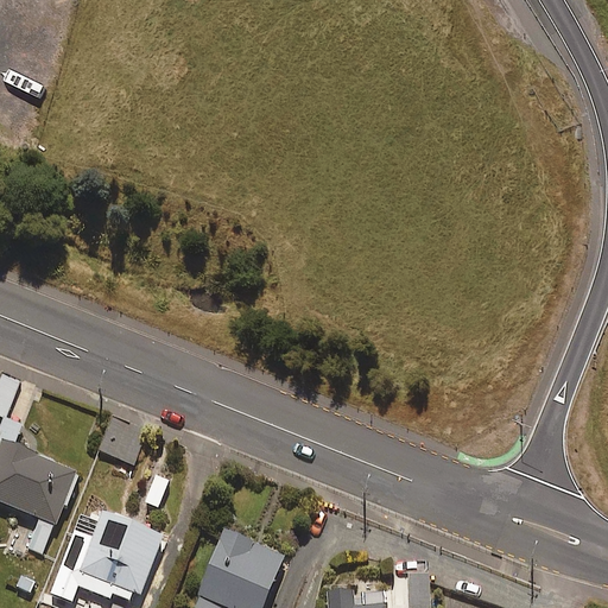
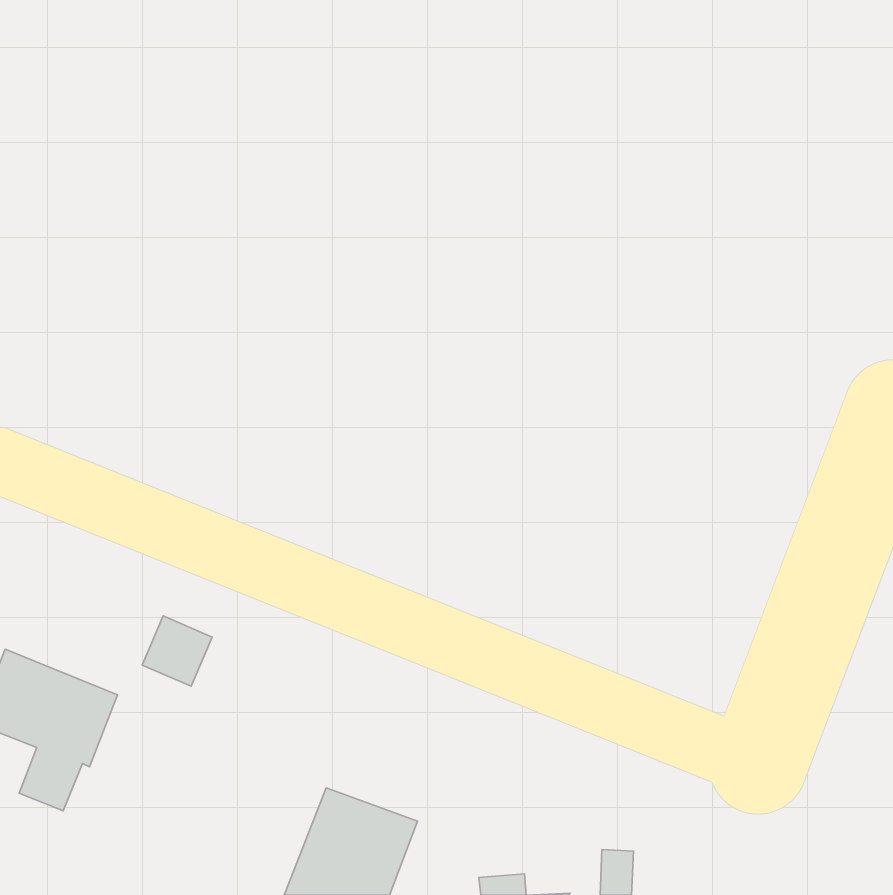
building: [59,514,163,601] -> none

